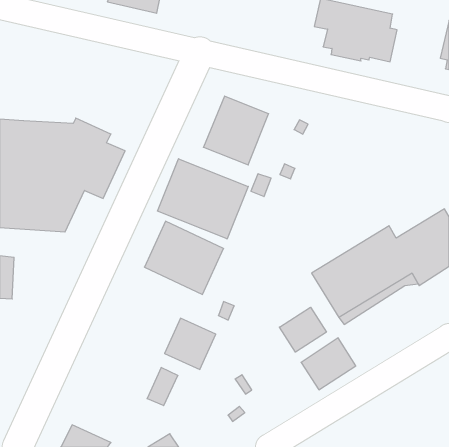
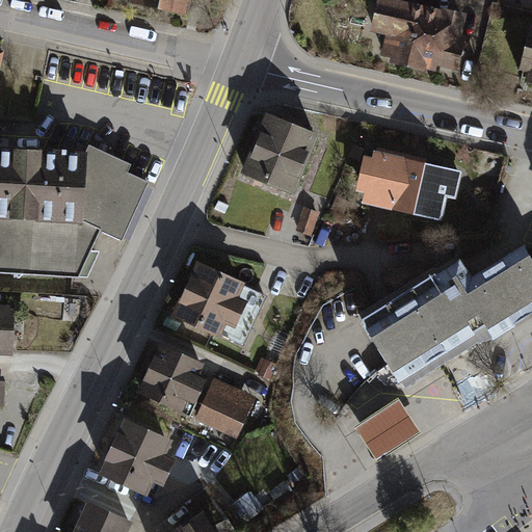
building: none -> [354,151,461,221]
building: [157,159,248,239] -> none
building: none -> [136,342,211,415]
building: [279,307,326,352] -> none
building: none -> [98,418,174,496]

